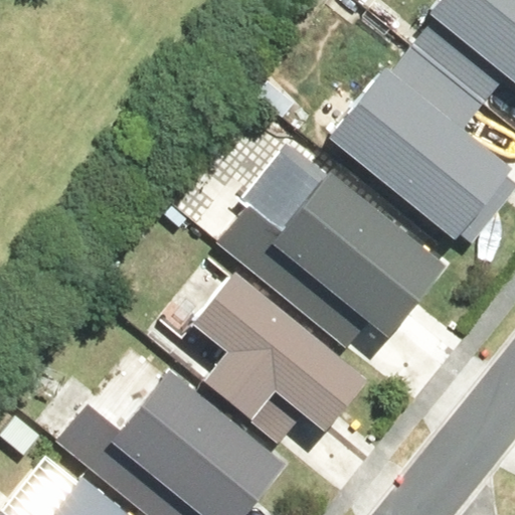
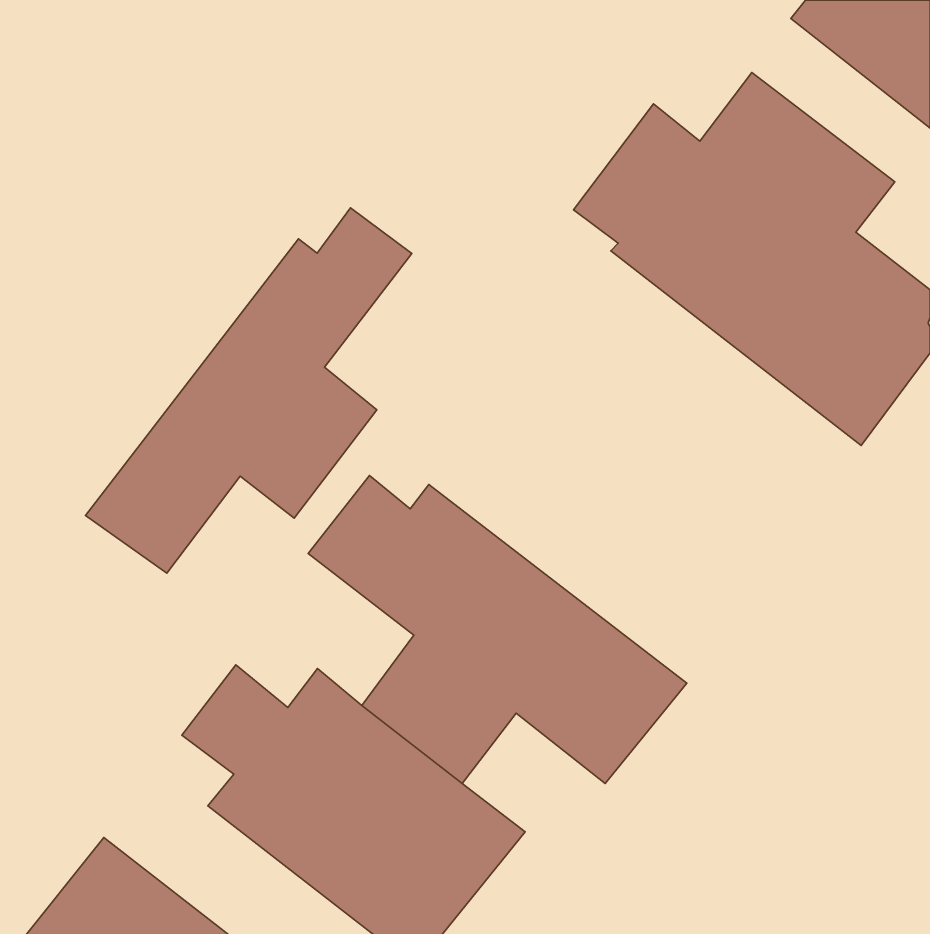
building: none -> [86,208,412,573]
building: [247,158,452,343] -> none

